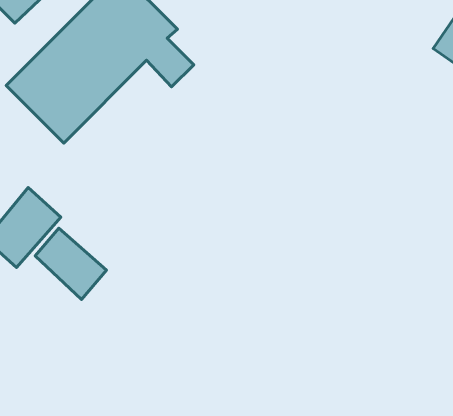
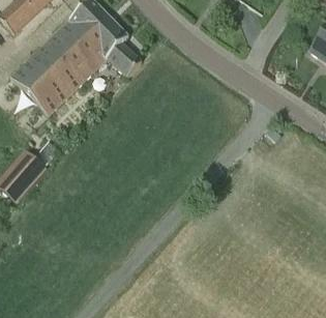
building: [35,228,106,299] -> none

